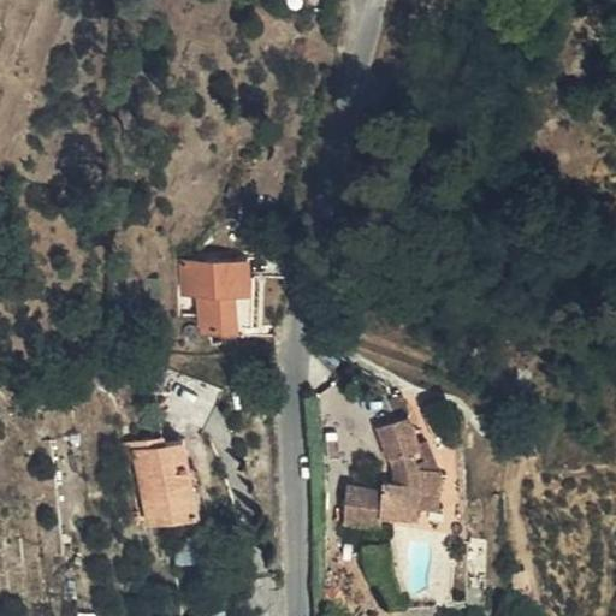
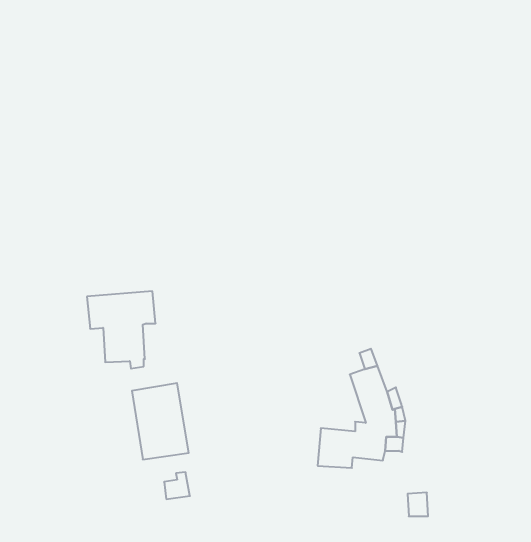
building: [185,261,262,348] -> [87,291,156,369]

